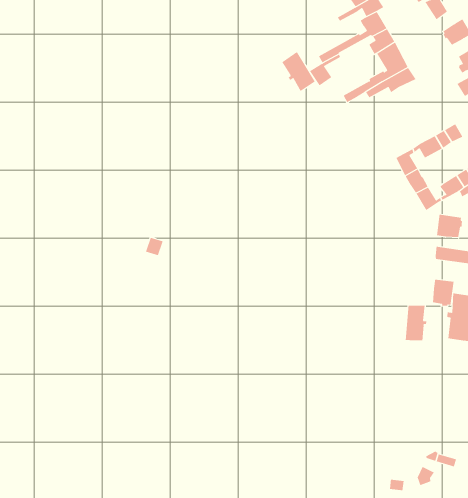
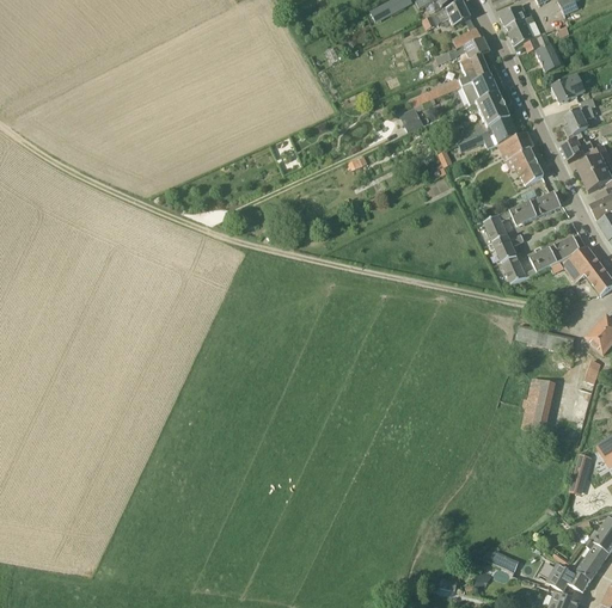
building: [282,51,315,92] -> none
building: none -> [496,131,543,185]
building: [436,214,462,238] -> none
building: [432,279,454,306] -> none
building: [405,305,427,341] -> none

